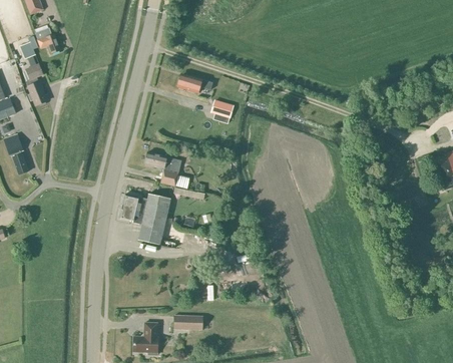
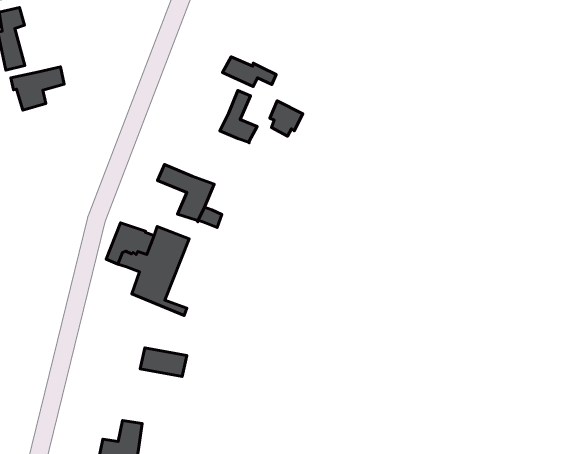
building: none -> [220,91,257,143]
building: none -> [11,67,64,110]
building: [174,315,203,330] -> [140,348,187,376]

